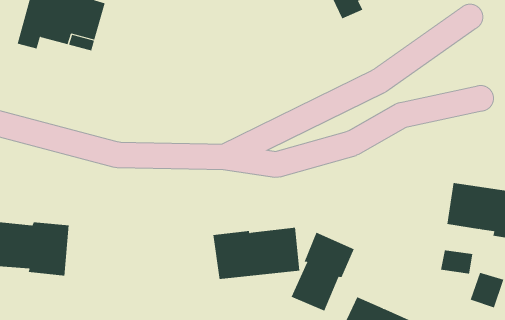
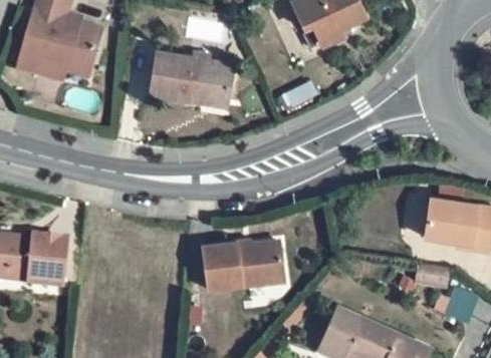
building: none -> [150,54,233,108]
building: [291,232,354,312] -> none

